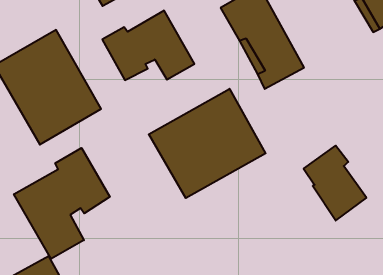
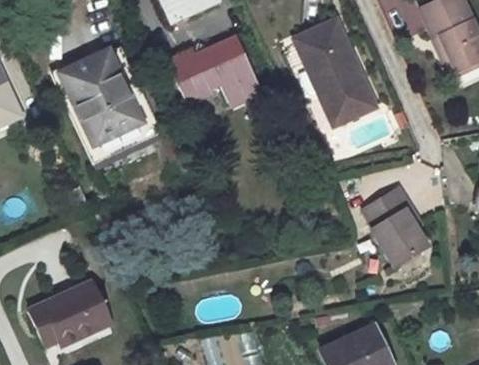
building: [149,89,266,198] -> none
building: [14,148,110,259] -> none

